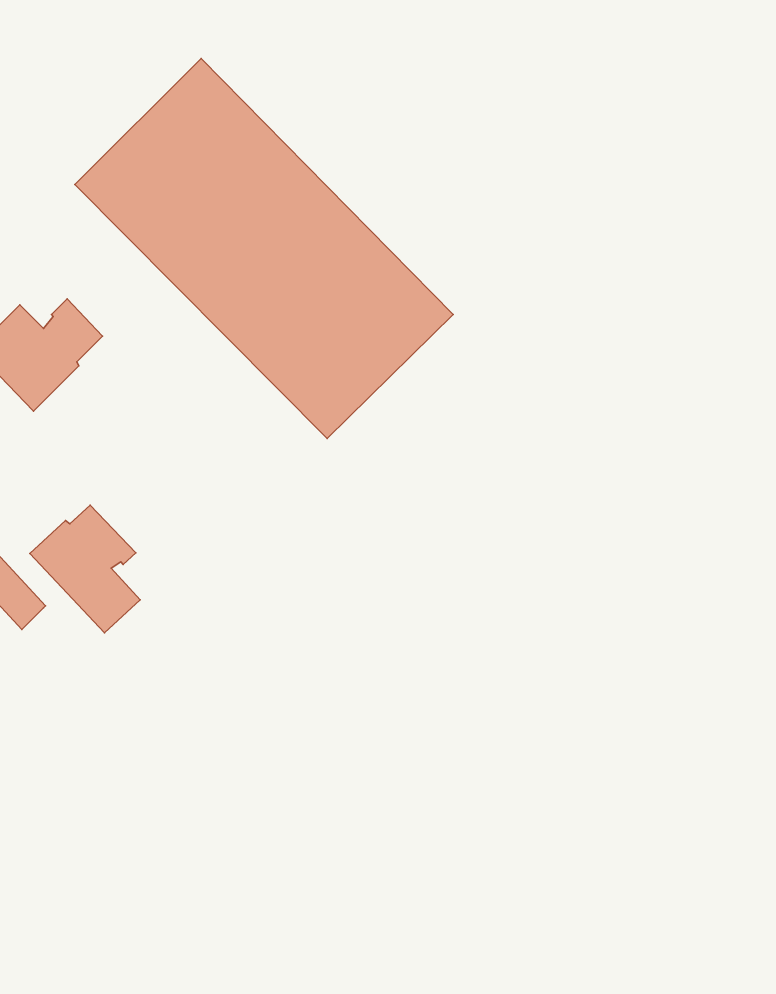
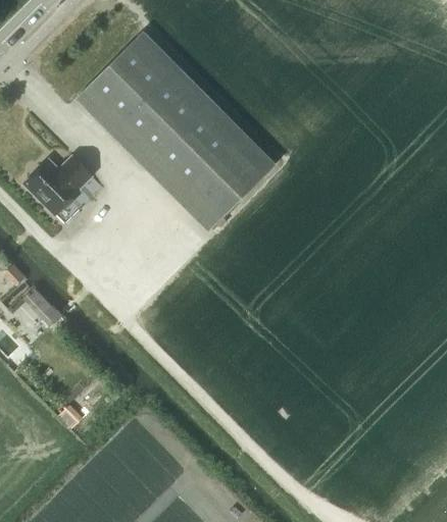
building: [30,505,140,633] -> none

